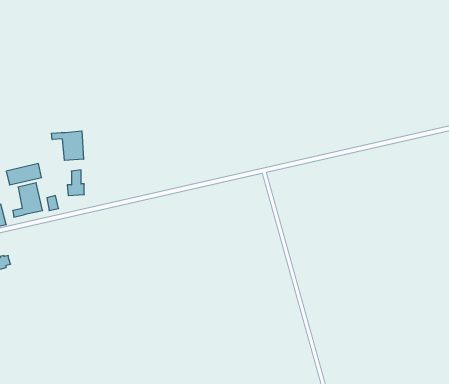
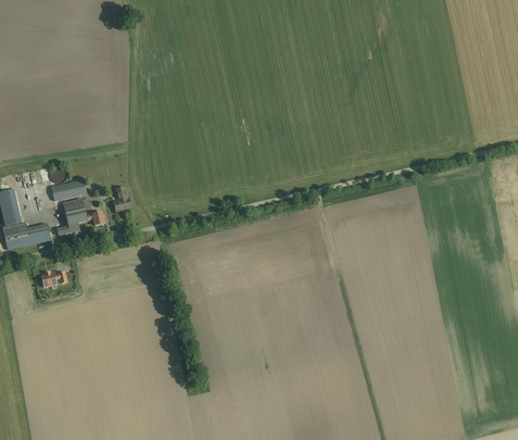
building: [51,131,84,160] -> none

